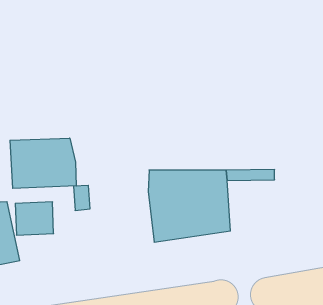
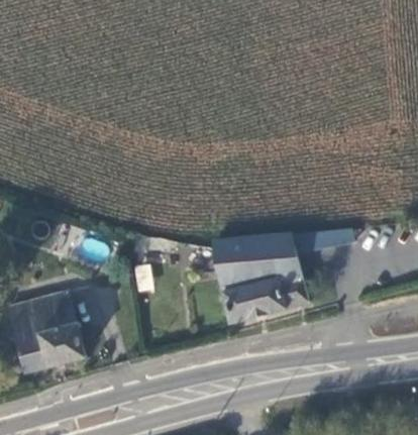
building: [10,138,76,188] -> none

